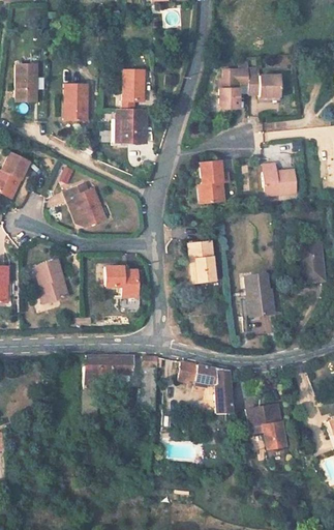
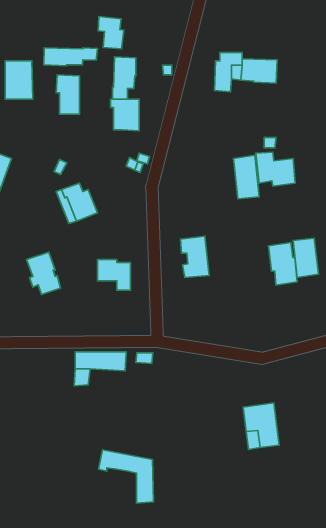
building: none -> [98,17,124,49]
building: none -> [44,48,97,66]
building: [201,161,225,204] -> [234,155,259,199]
building: [243,274,271,316] -> [268,243,297,285]
building: [178,361,232,413] -> [98,450,154,503]

